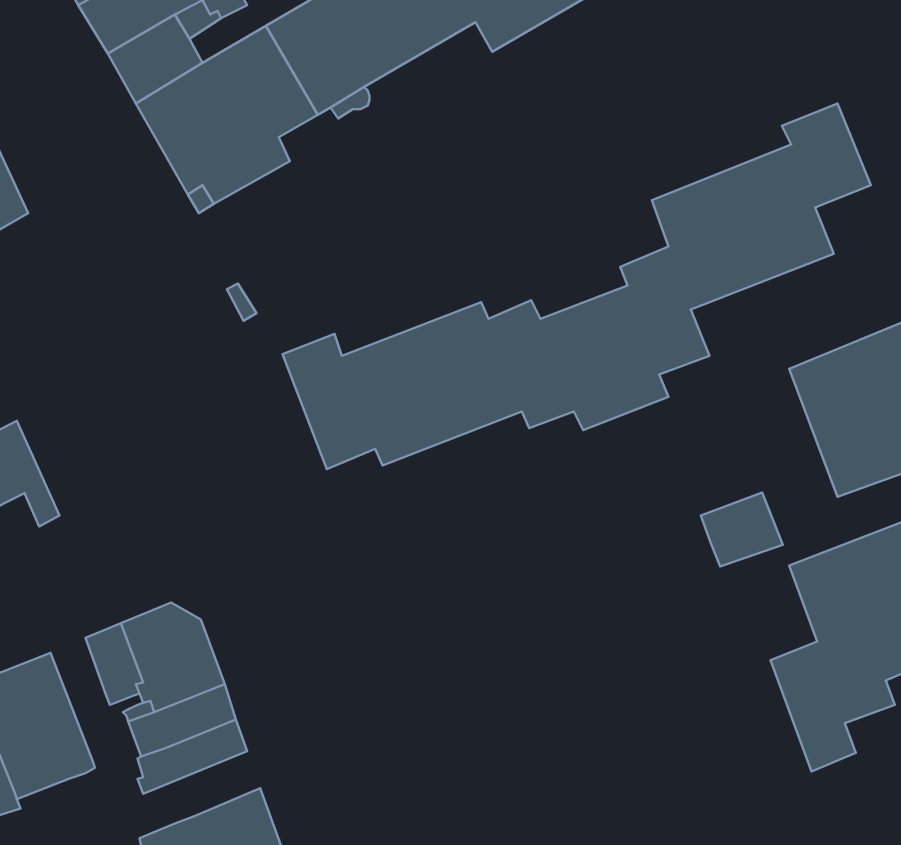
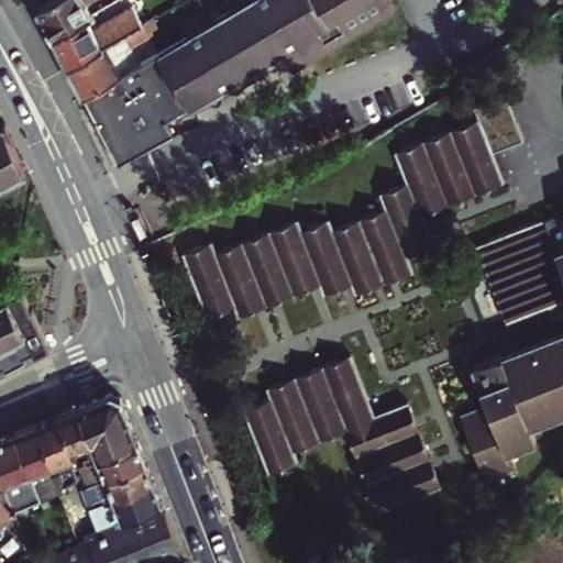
building: [701,492,783,566] -> none
building: none -> [241,363,441,522]
building: none -> [36,416,77,489]
building: none -> [91,483,161,526]

